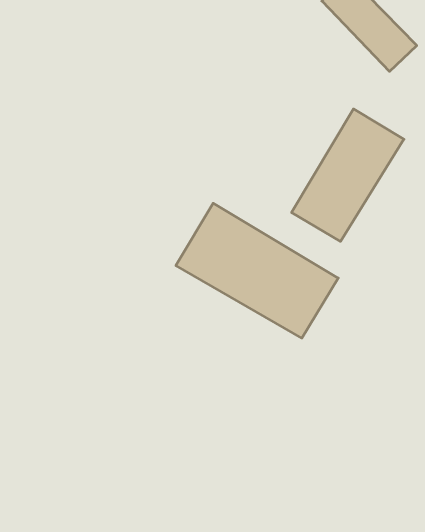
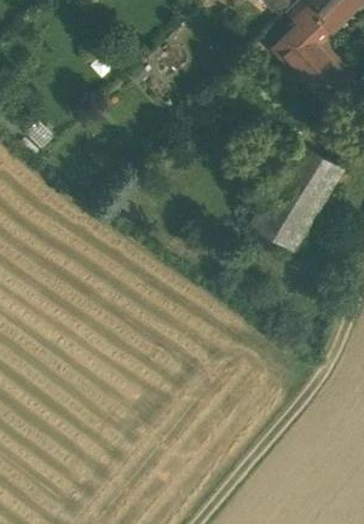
building: [176,203,338,338] -> none

